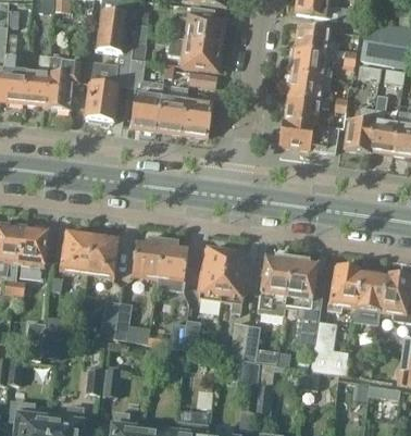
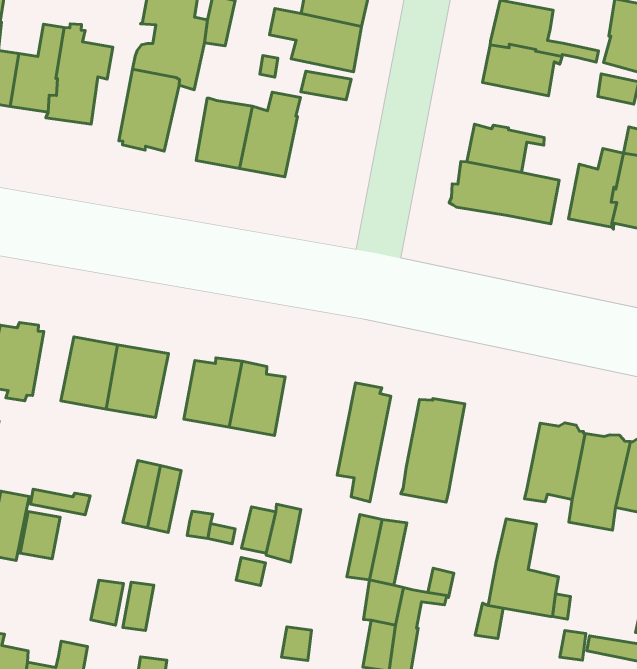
building: [288,73,329,102] -> none
building: [182,98,213,136] -> none
building: [199,246,228,301] -> none
building: [285,257,323,346] -> none

